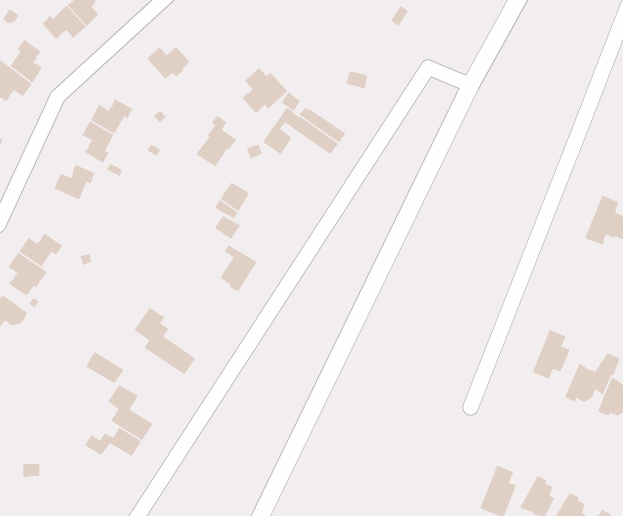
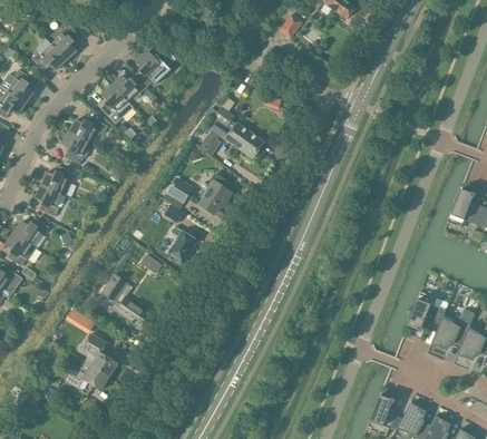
building: none -> [100,85,134,124]
building: [241,68,288,114] -> [135,51,171,87]
building: [195,115,238,167] -> [199,174,232,214]
building: none -> [36,184,61,216]

